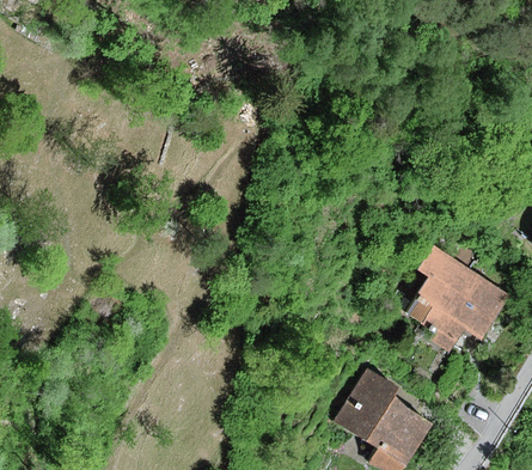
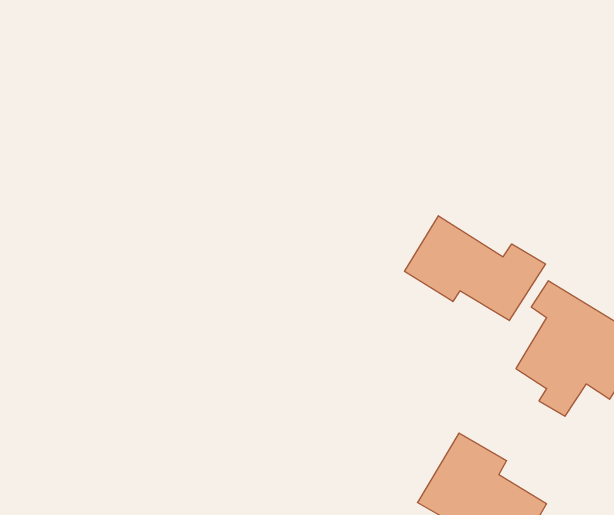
building: none -> [405,216,546,321]

